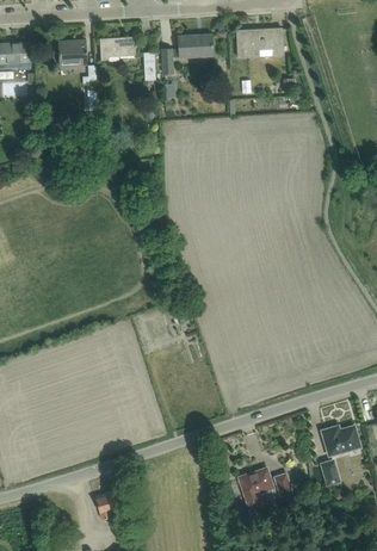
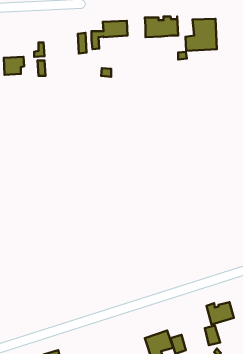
building: none -> [185,19,217,51]
building: [99,36,136,60] -> none
building: [58,39,87,64] -> [4,57,24,75]

